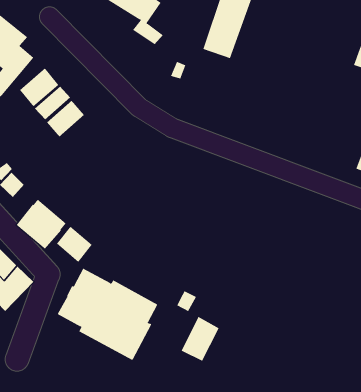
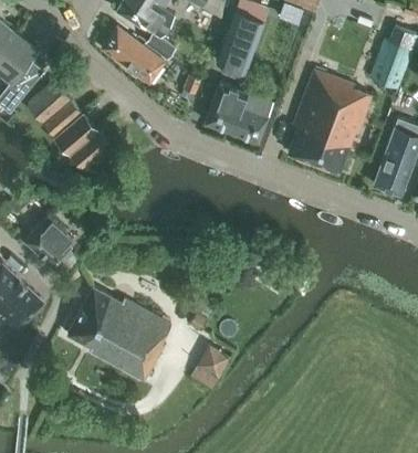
building: none -> [101,27,165,83]
building: none -> [288,71,372,173]
building: none -> [205,84,270,143]
building: none -> [71,133,117,175]
building: [56,226,93,263] -> none

